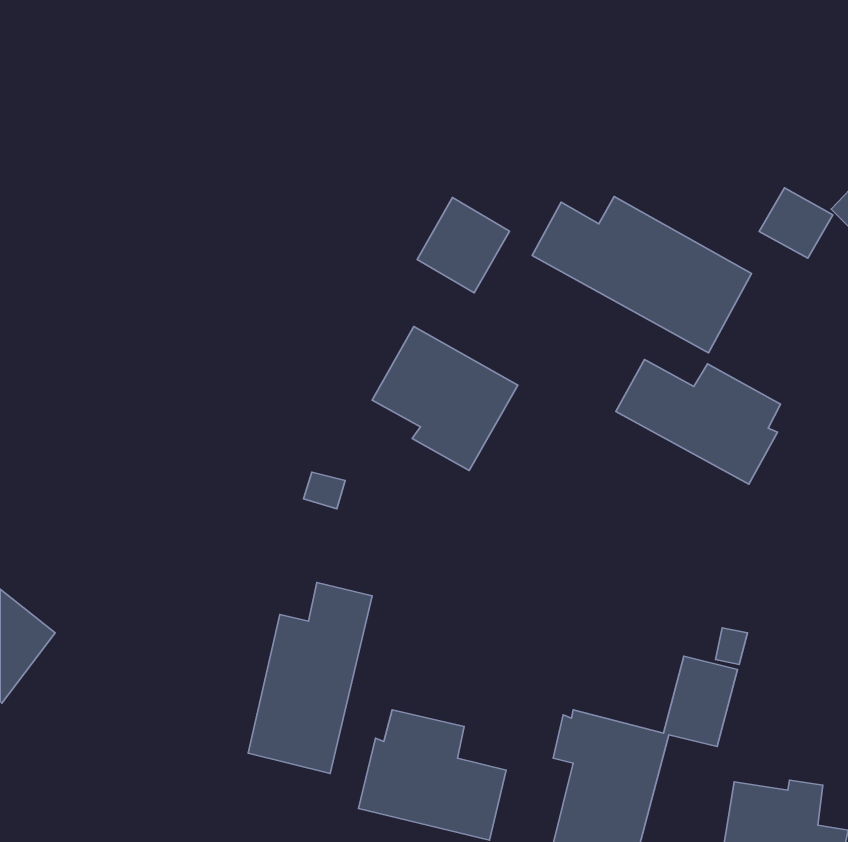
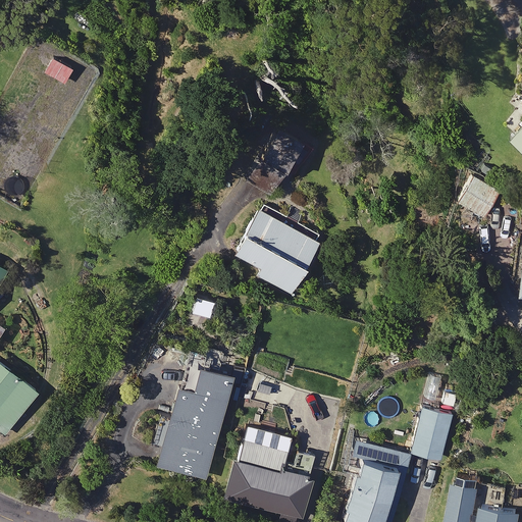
building: [759,188,833,258] -> [457,178,502,221]
building: [532,196,752,353] -> none
building: [616,360,780,484] -> none

